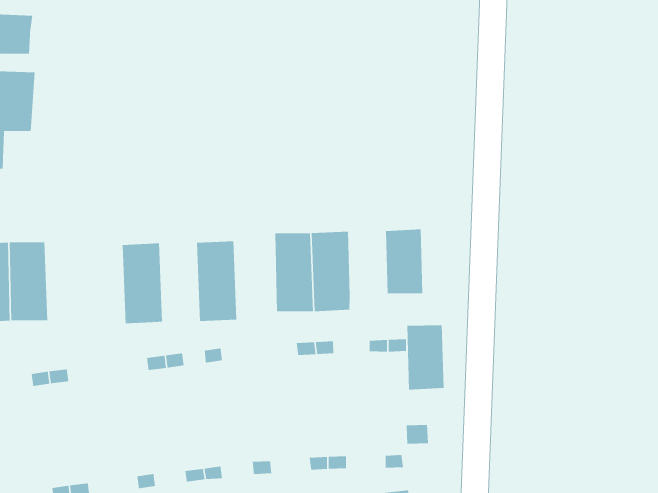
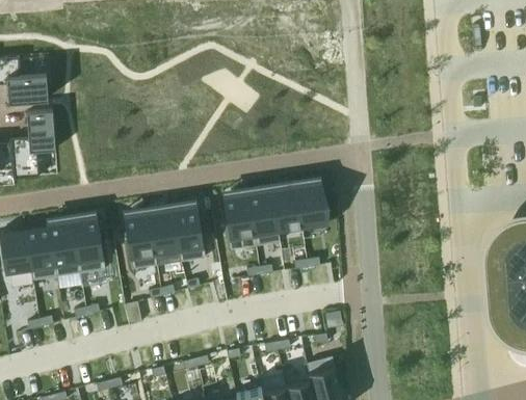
building: none -> [72,217,104,273]
building: none -> [148,210,180,265]
building: [406,325,444,390] -> [271,187,301,233]

